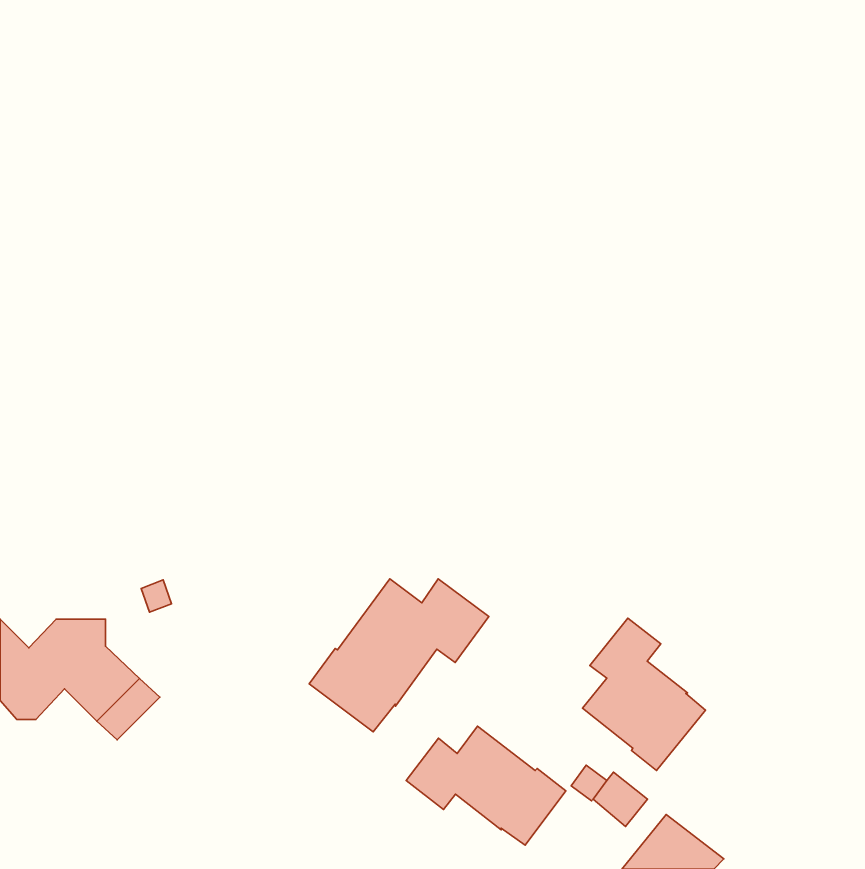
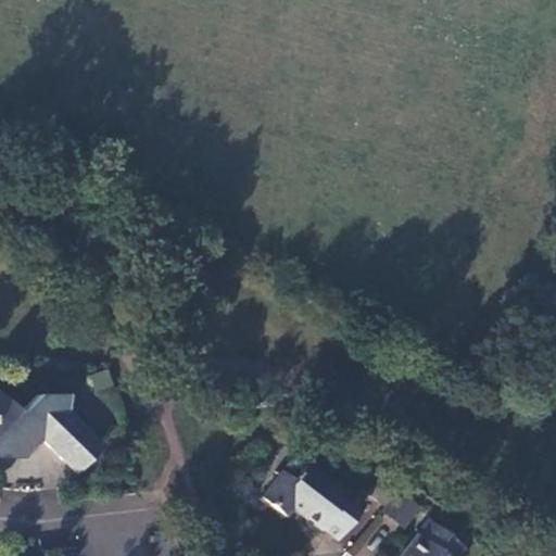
building: [309,579,489,732] -> none
building: [583,618,706,770] -> none

